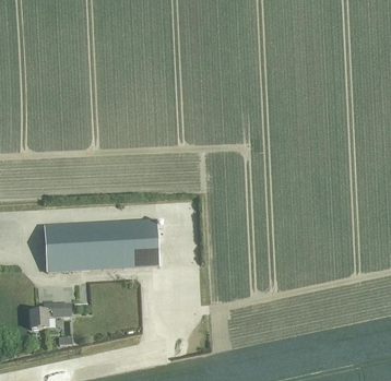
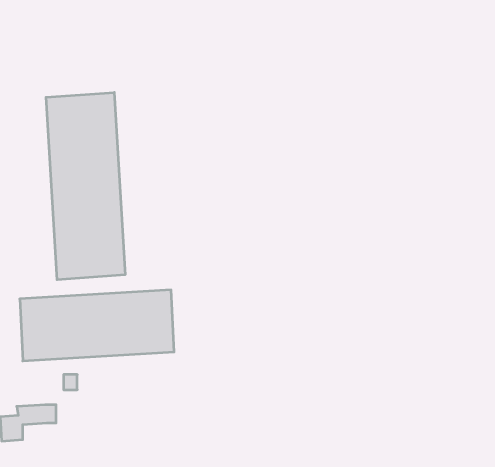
building: none -> [46,92,125,280]

